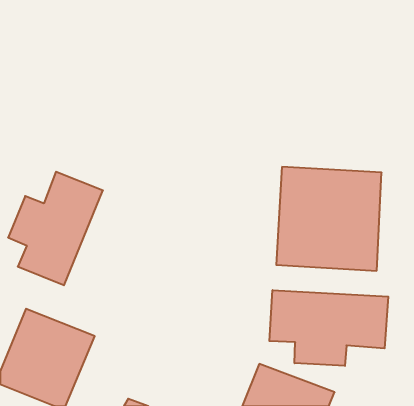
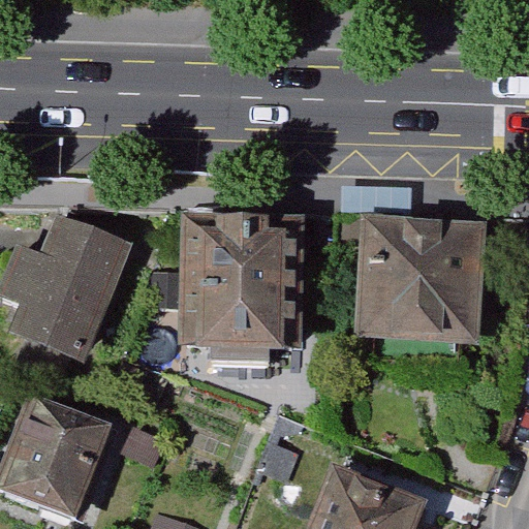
building: none -> [174,213,302,351]
building: [269,290,388,366] -> none

